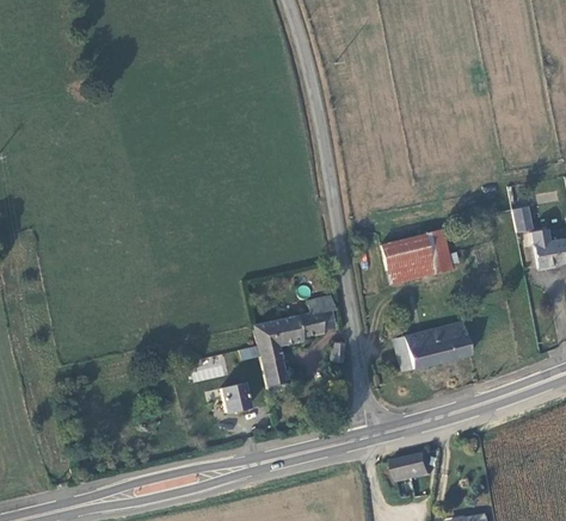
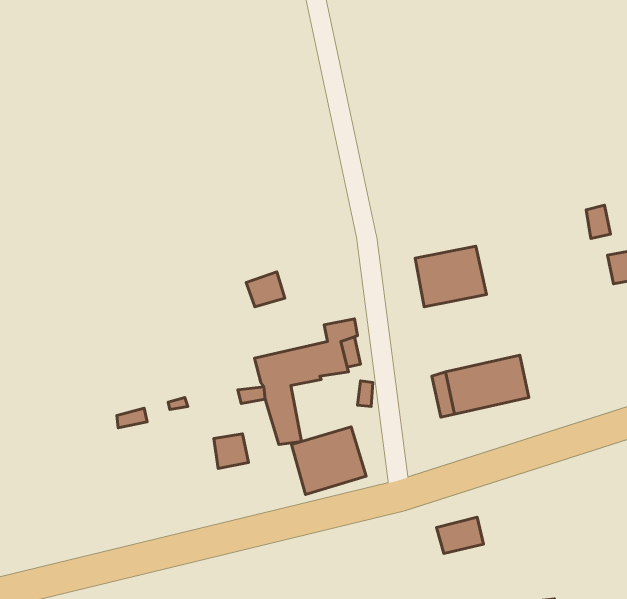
building: [426,232,451,274] -> none
building: none -> [246,272,285,307]
building: none -> [292,427,366,494]

